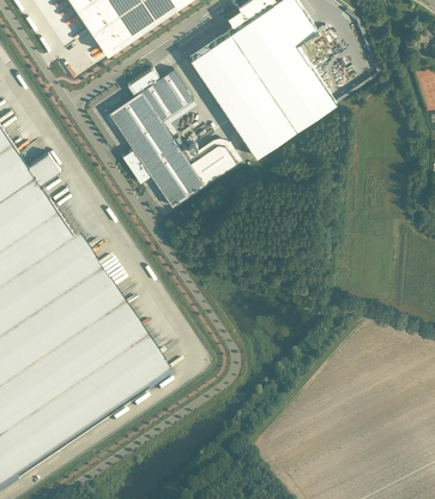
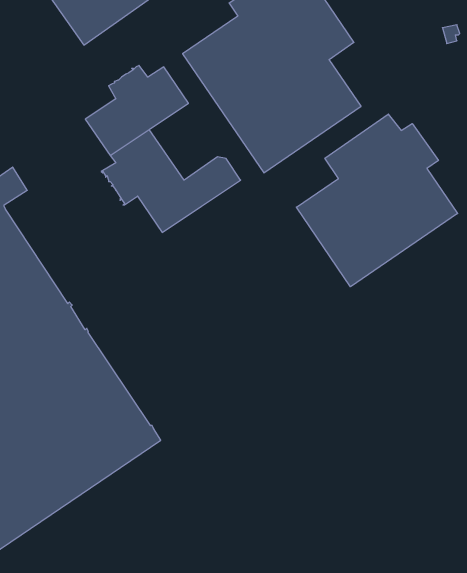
building: none -> [296,114,458,287]

